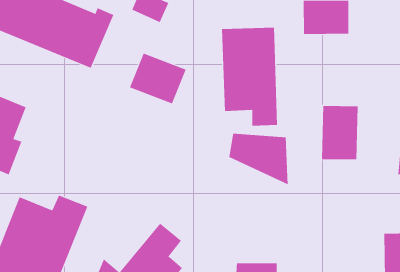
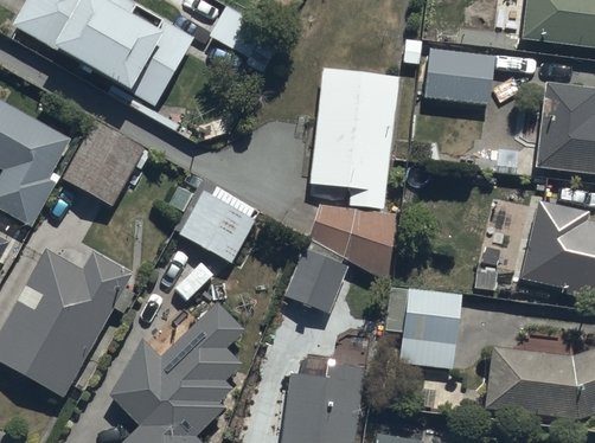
building: [129,53,186,104] -> [181,190,256,258]
building: none -> [66,126,140,200]
building: [321,105,358,160] -> [402,291,456,365]
building: none -> [287,246,357,312]

